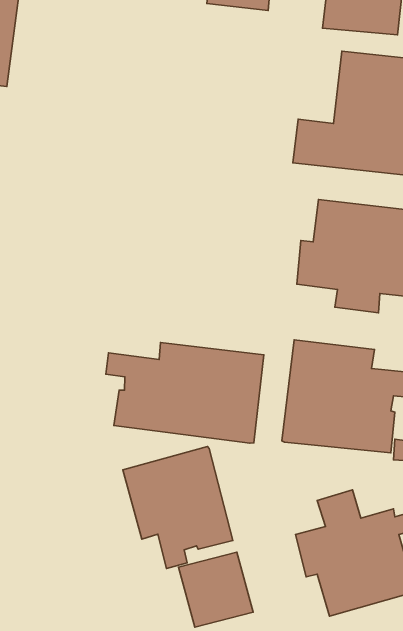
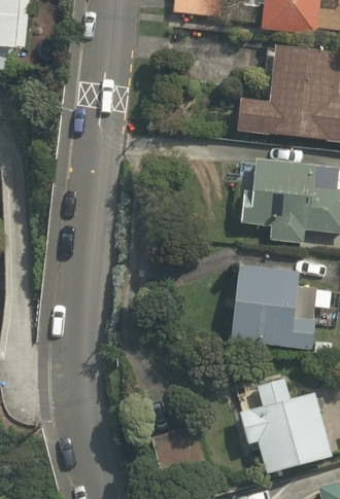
building: [106,343,264,443] -> none
building: [123,446,233,568] -> none

